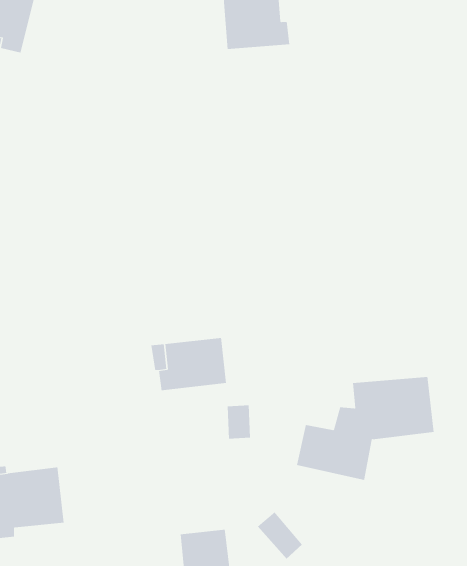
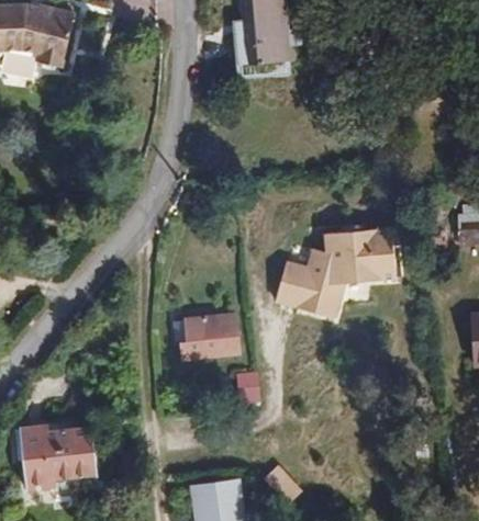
building: [296,376,434,480] -> [277,228,397,318]

